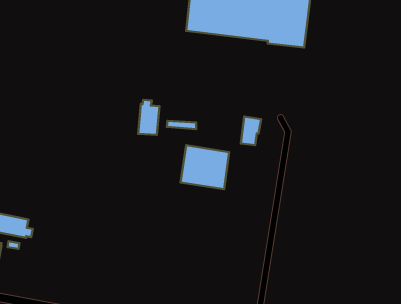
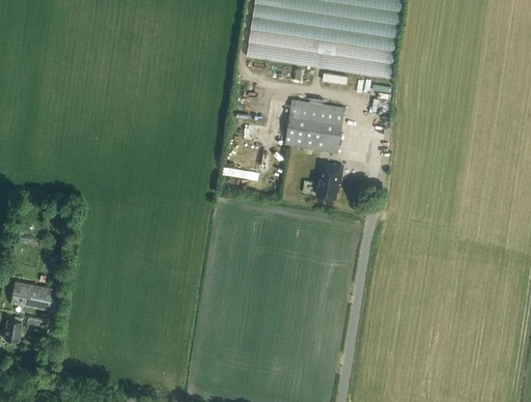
building: [138,100,159,135] -> none
building: [180,145,229,189] -> [282,98,342,152]

